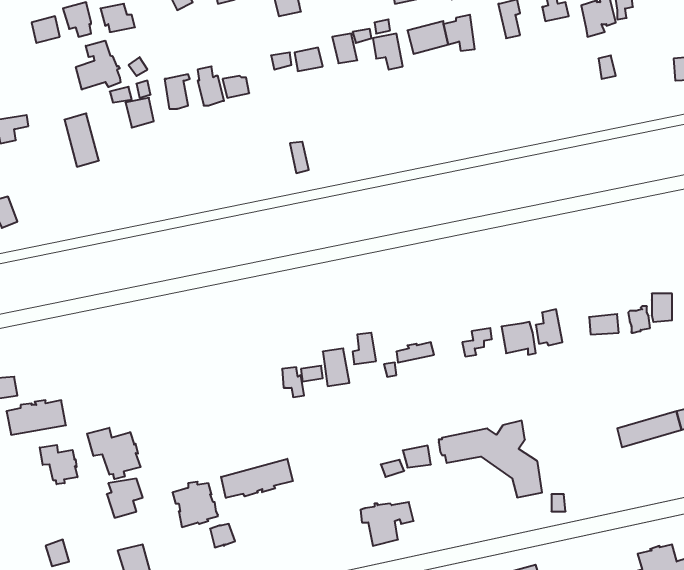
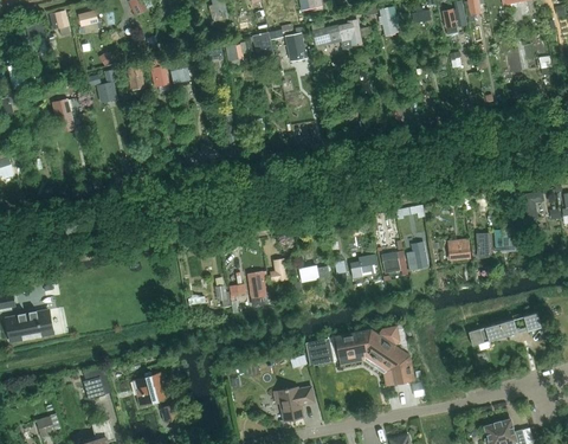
building: [76,41,121,90] -> none
building: [87,428,141,479] -> none
building: [40,445,77,484] -> none
building: [221,459,293,498] -> none

